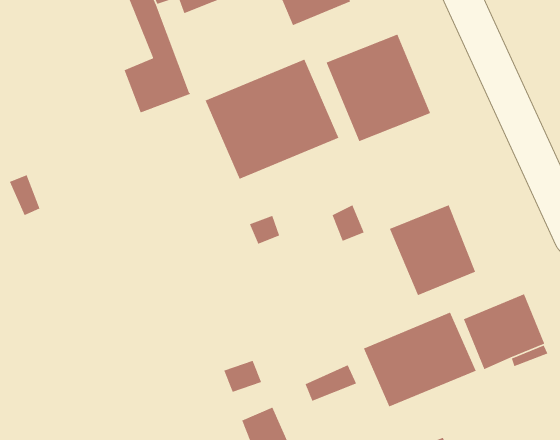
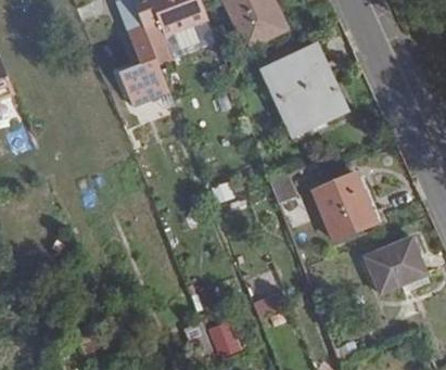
building: [204,58,340,180] -> none
building: [363,312,477,408] -> none

